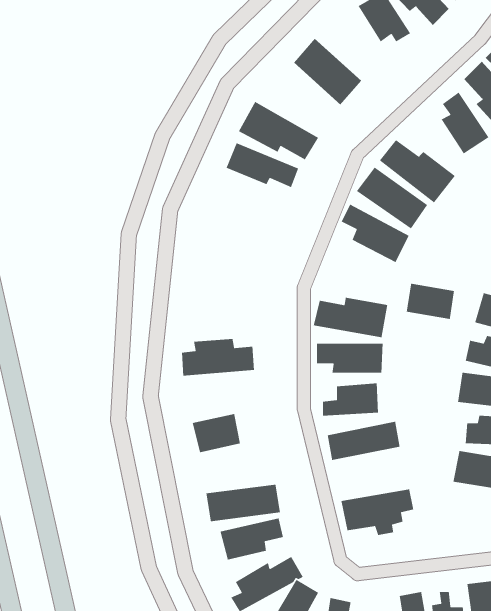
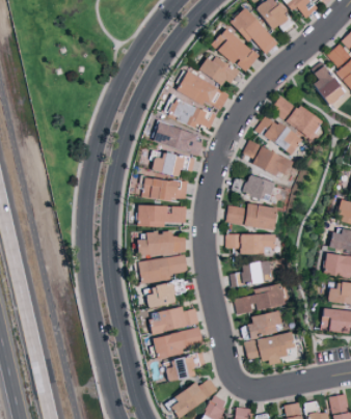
building: none -> [230,7,280,54]
building: none -> [198,52,237,87]
building: none -> [153,121,205,156]
building: none -> [152,151,196,175]
building: none -> [144,177,189,200]
building: [406,283,455,320] -> [244,175,277,200]
building: none -> [137,204,188,227]
building: none -> [138,254,189,282]
building: none -> [150,306,200,333]
building: none -> [242,309,282,340]

